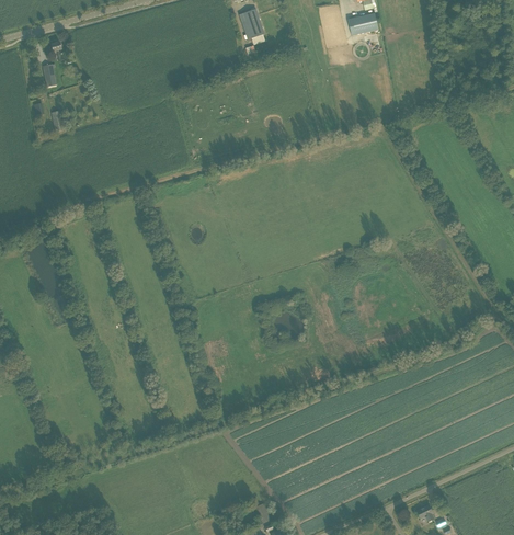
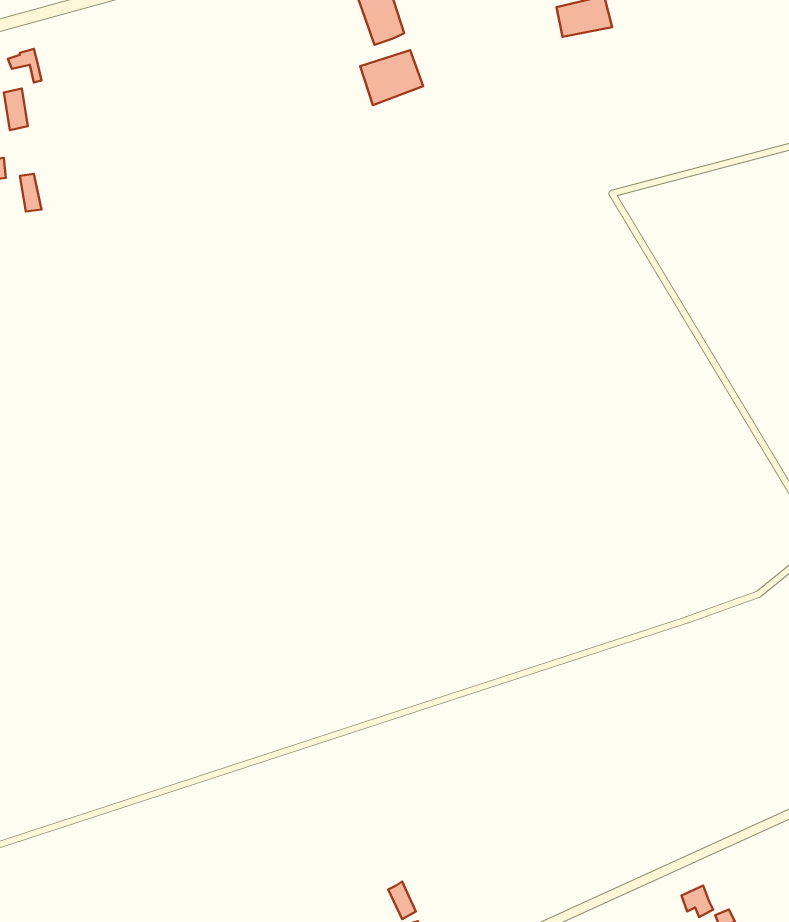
building: none -> [360,50,423,105]

